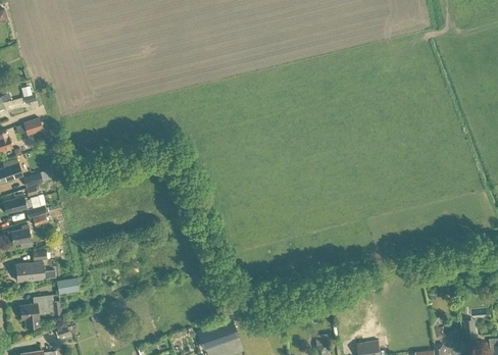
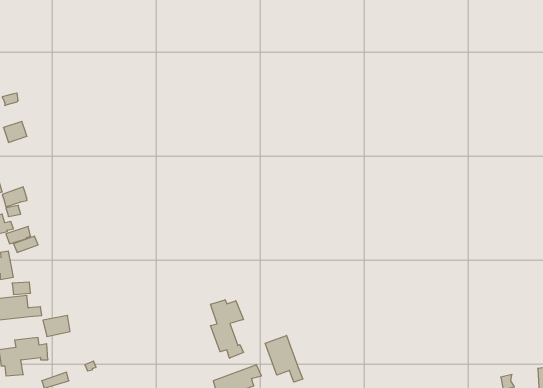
building: none -> [210,300,243,358]
building: none -> [265,335,303,382]

